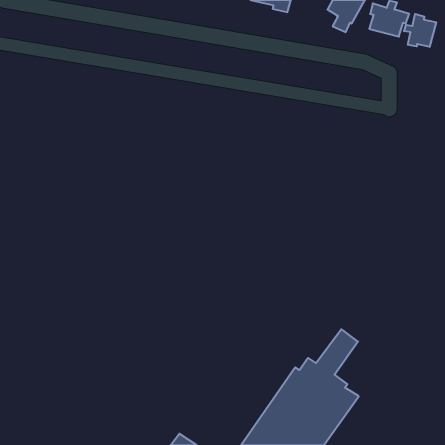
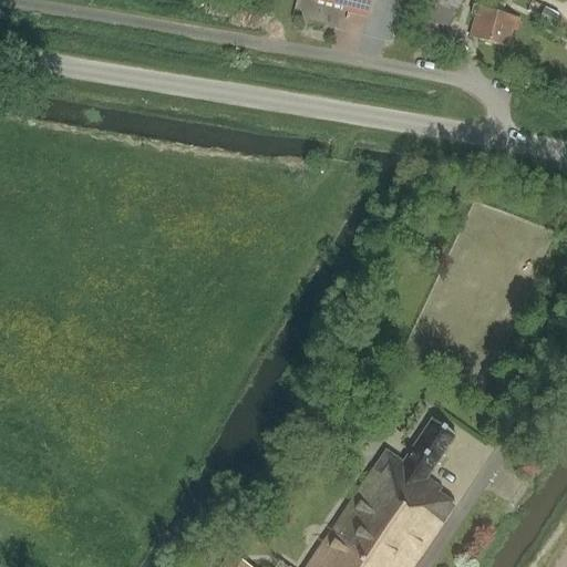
building: [404,14,436,47] -> none

